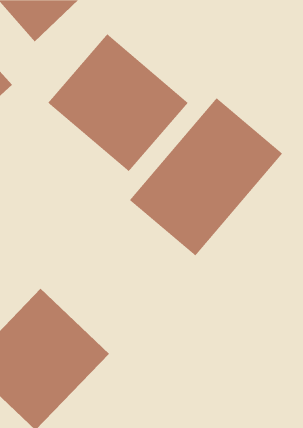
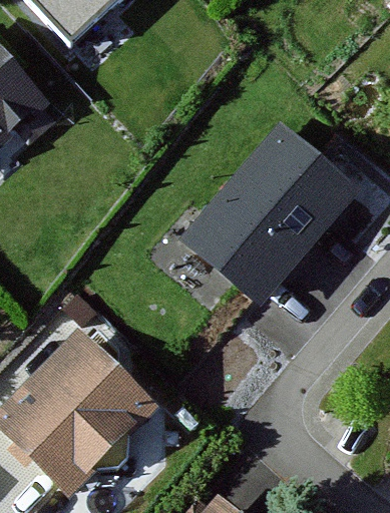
building: [47,33,189,172] -> none

